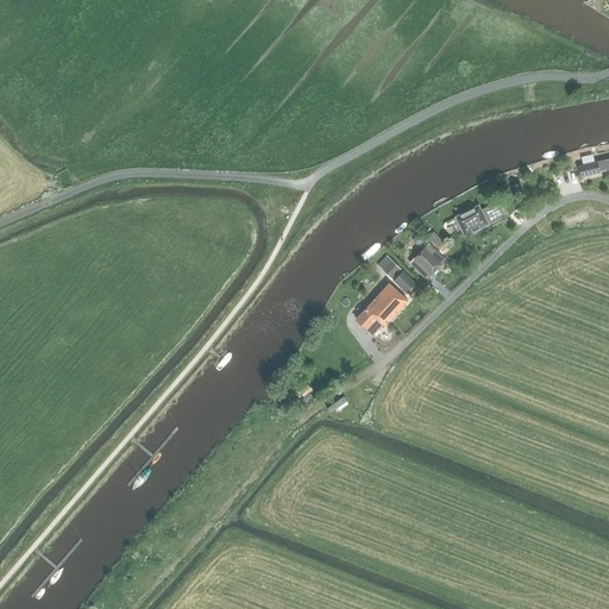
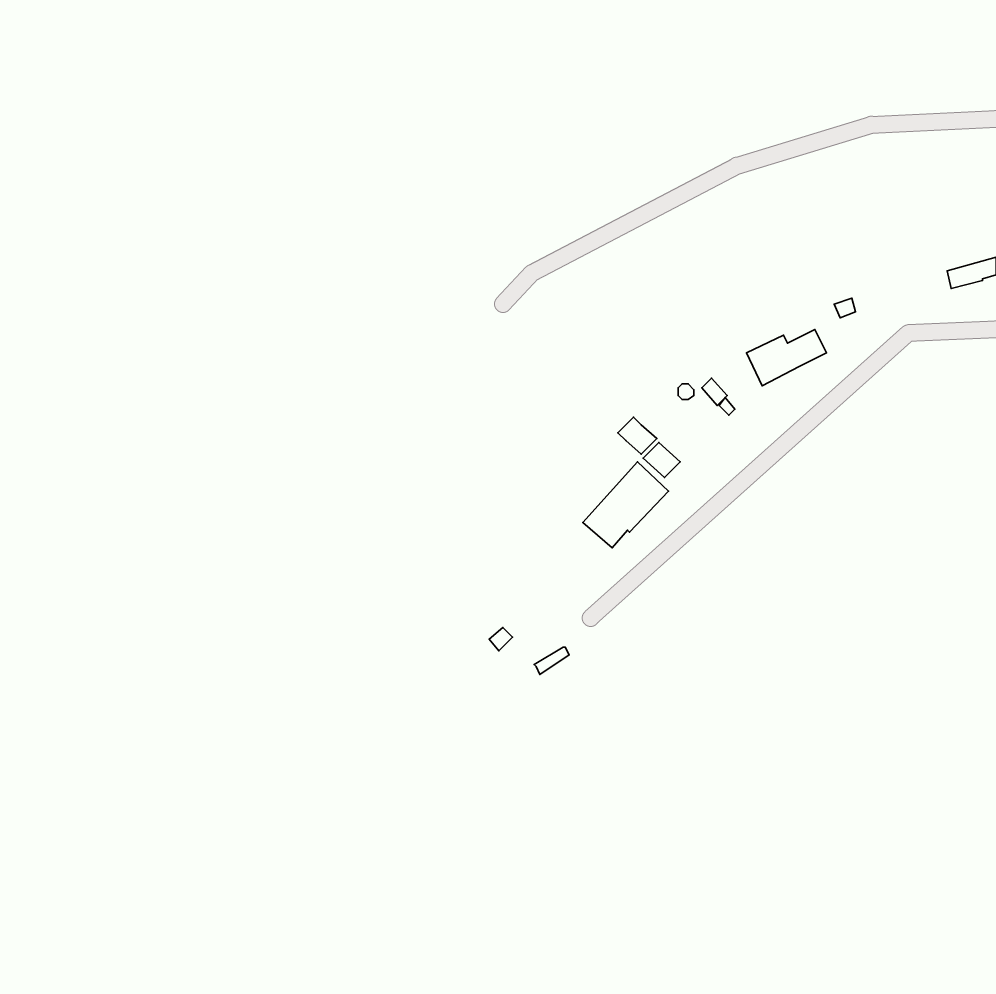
building: [410,243,444,278] -> none

